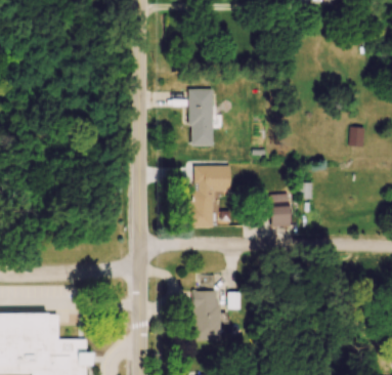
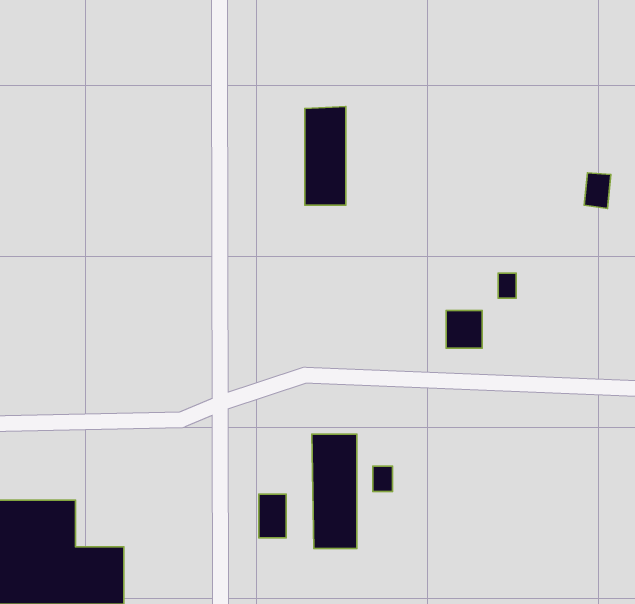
building: [187,165,230,227] -> none
building: none -> [259,494,286,538]

